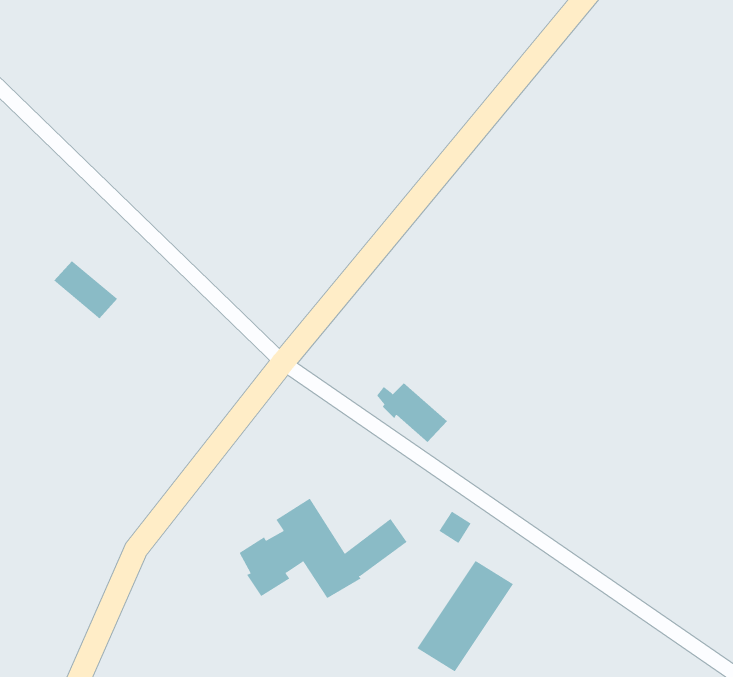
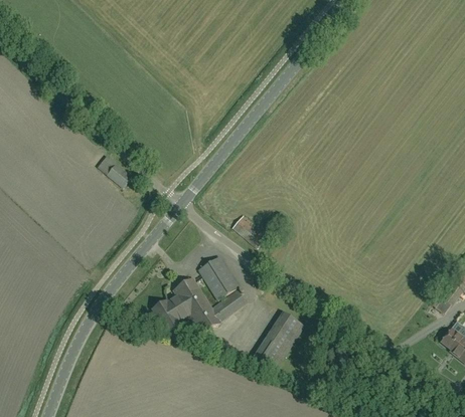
building: [54,260,118,319] -> [97,155,132,187]
building: none -> [198,255,238,298]

